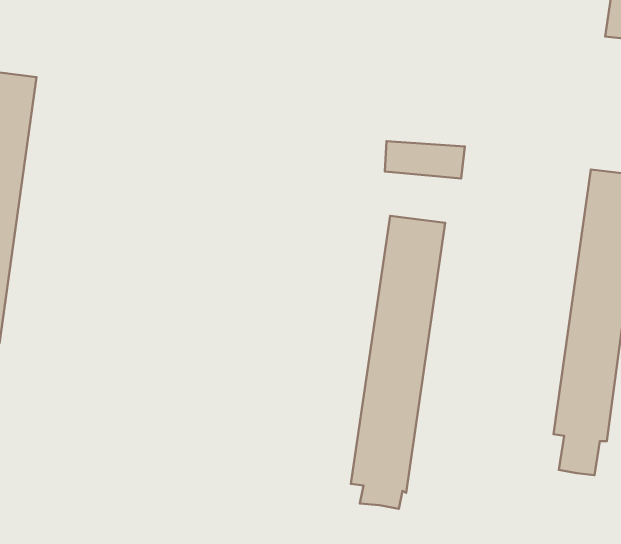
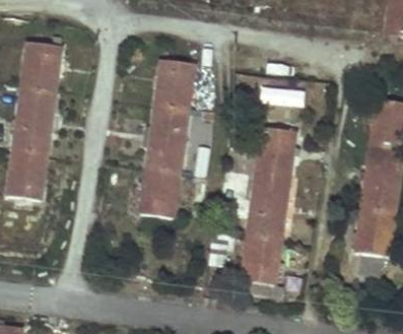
building: none -> [140,60,193,217]

